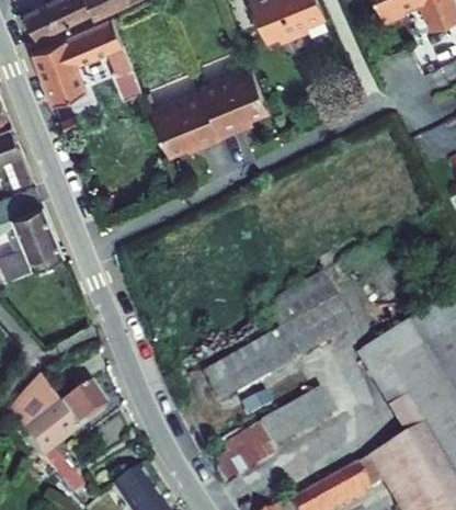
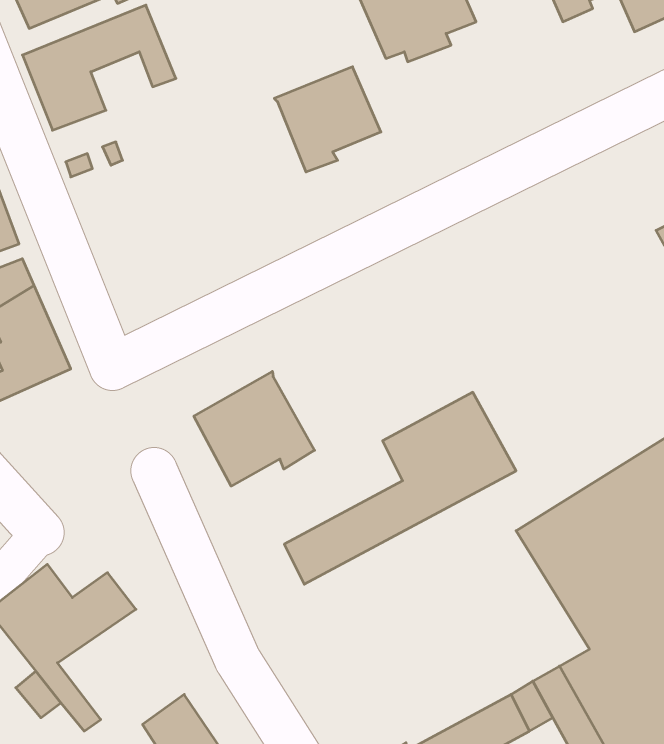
building: [146,80,216,145] -> none
building: none -> [194,371,315,486]
building: [207,392,330,479] -> none

